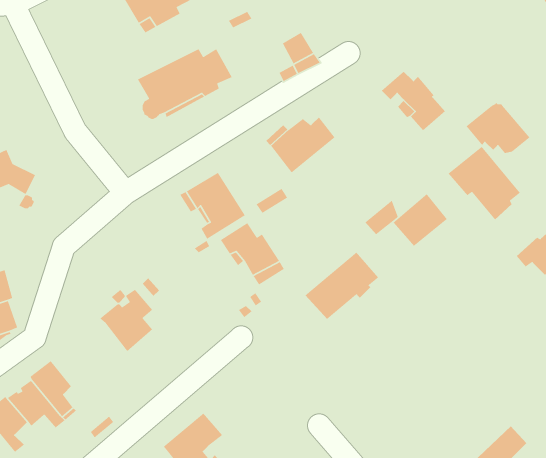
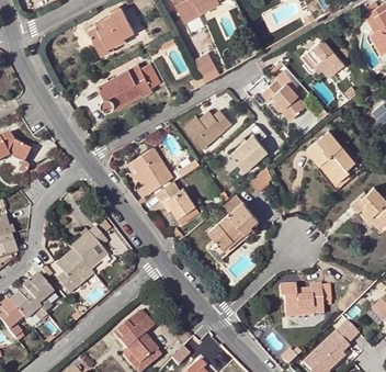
building: [465,102,531,154] -> [300,41,344,76]
building: [393,193,448,247] -> [229,135,266,171]
building: none -> [56,249,91,292]
building: none -> [281,283,330,317]

